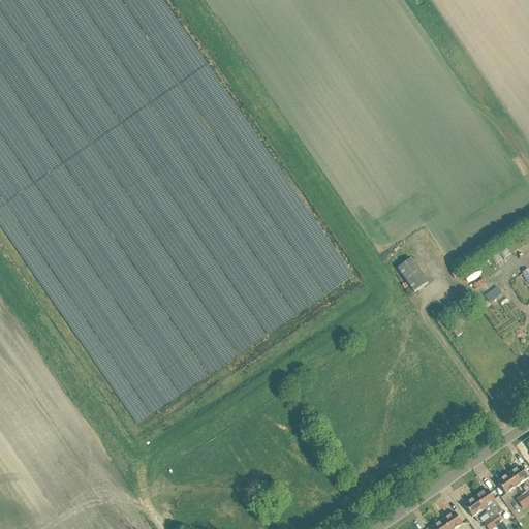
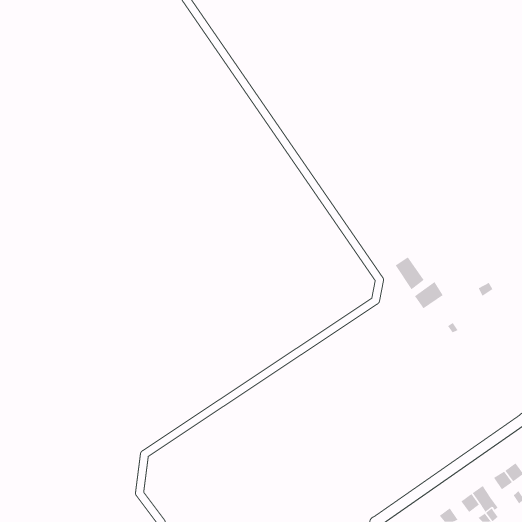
building: none -> [414,281,444,309]

